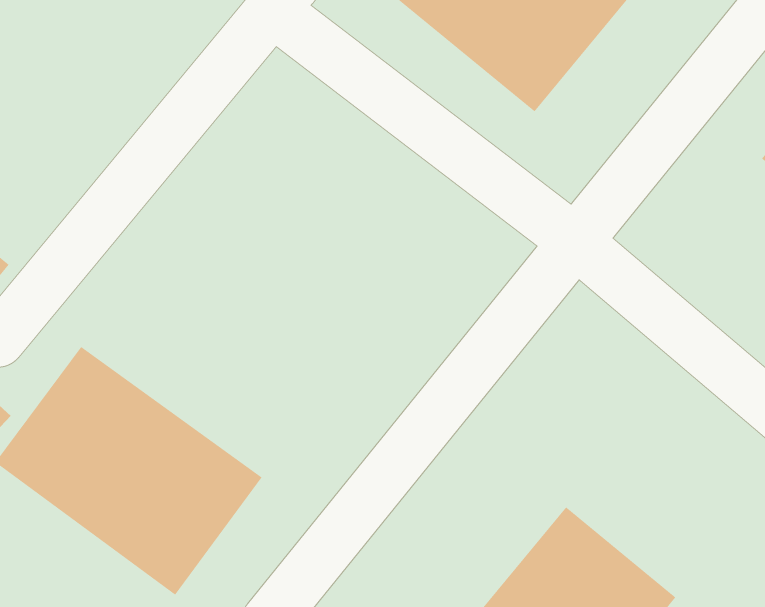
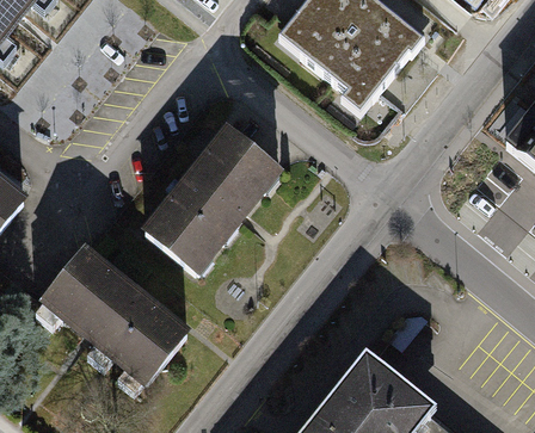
building: none -> [134,124,287,285]

